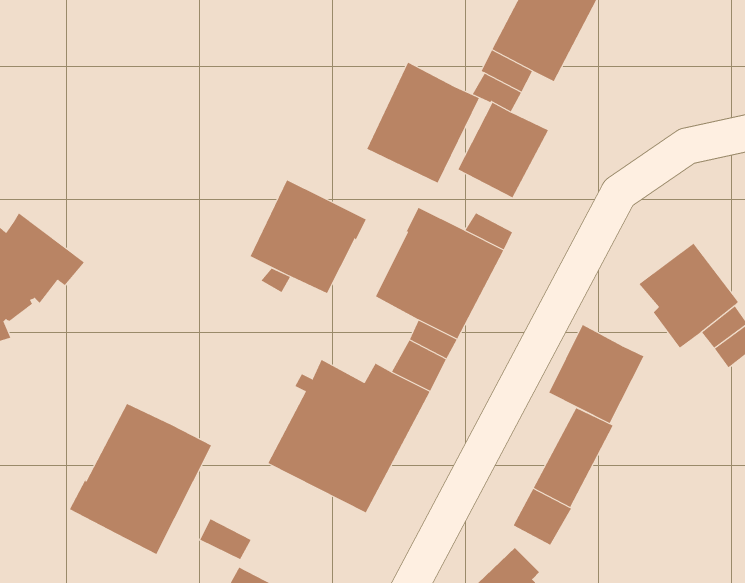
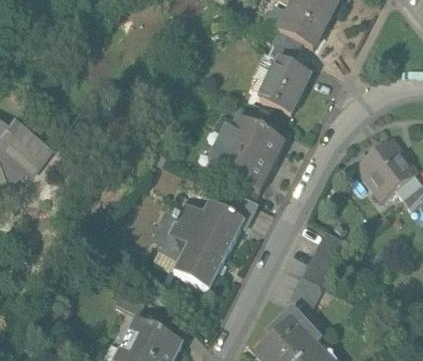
building: [367,62,481,184] -> none
building: [250,179,366,294] -> none
building: [549,324,645,424] -> none
building: [69,403,212,555] -> none

